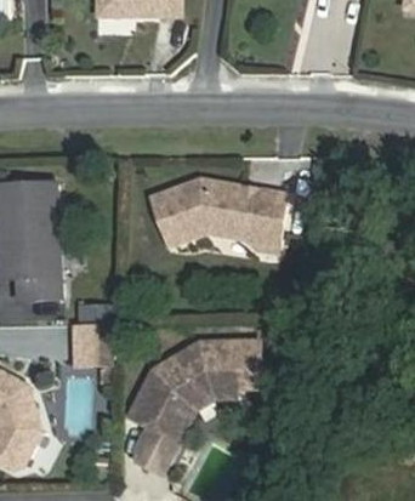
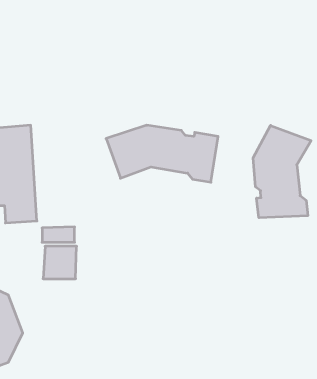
building: none -> [253,125,311,218]
building: [127,342,260,476] -> none

